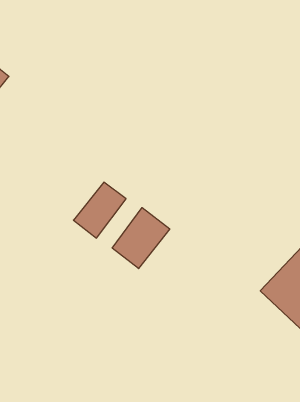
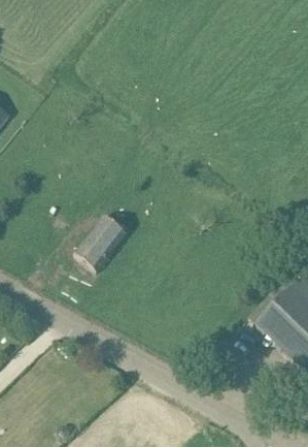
building: [112,208,170,269] -> none

